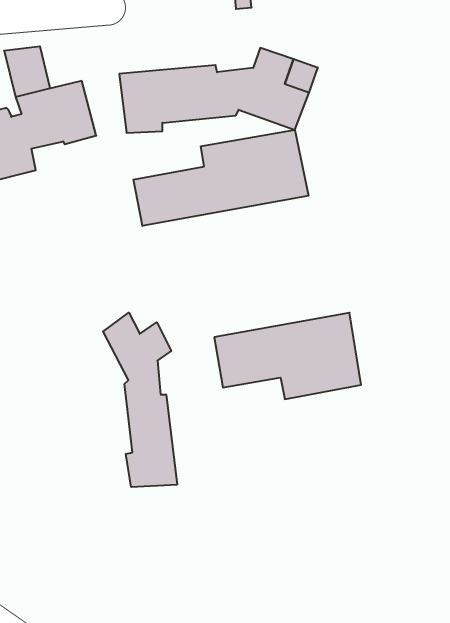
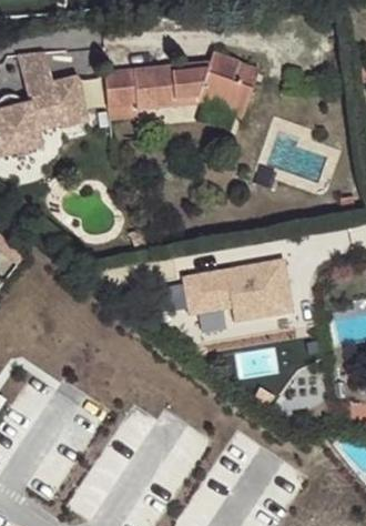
building: [133,130,309,226] -> none
building: [103,313,177,487] -> none

